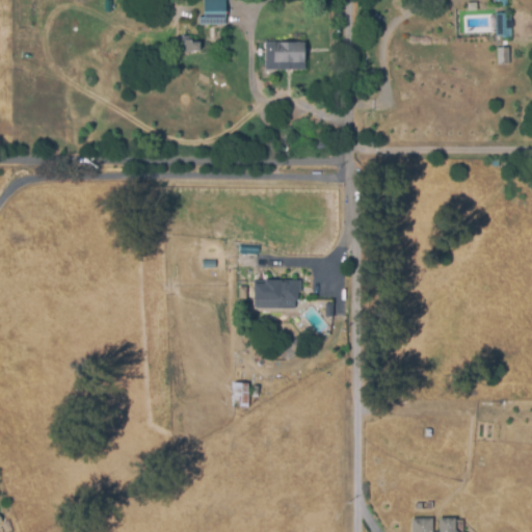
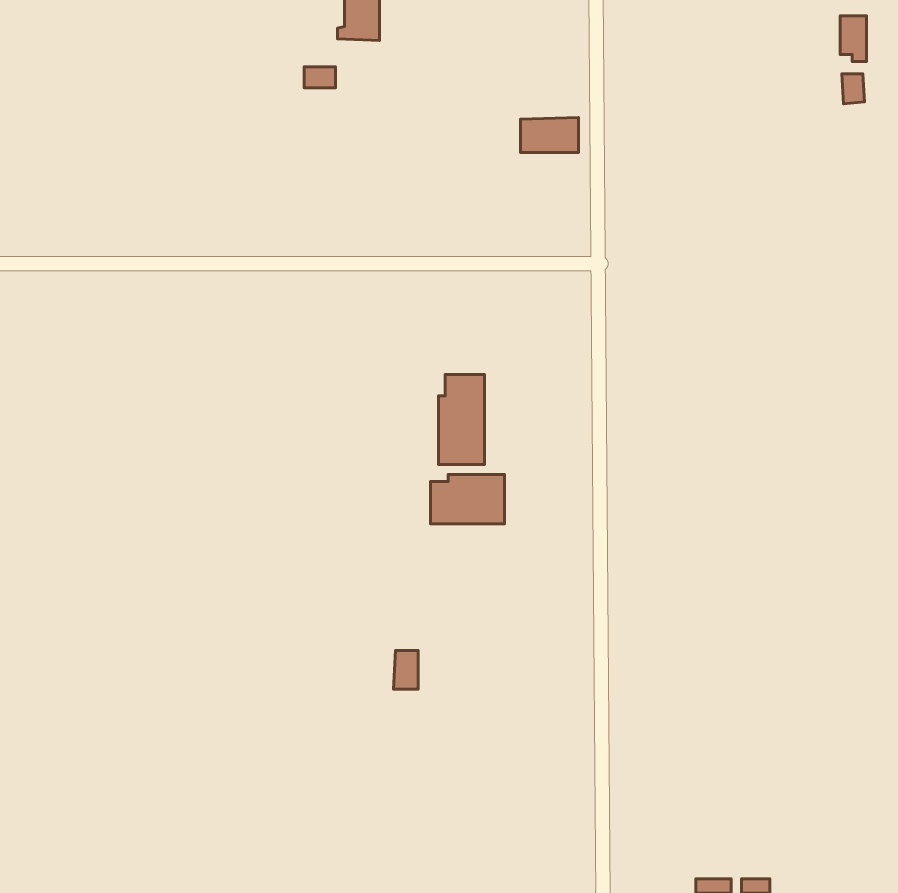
building: [269,42,303,62] -> [521,117,579,153]
building: none -> [439,374,485,464]

